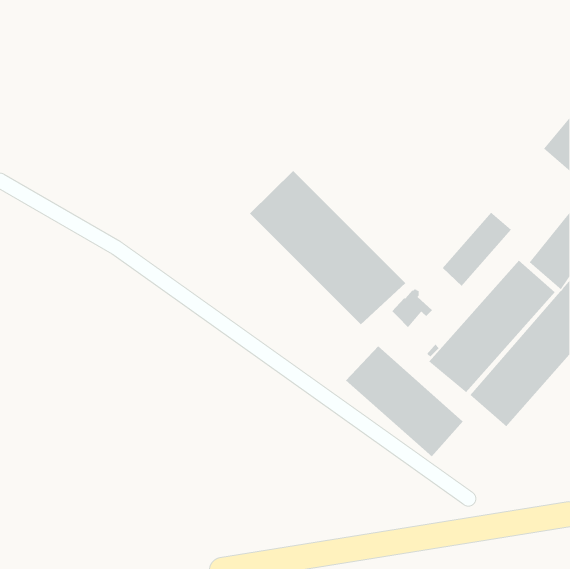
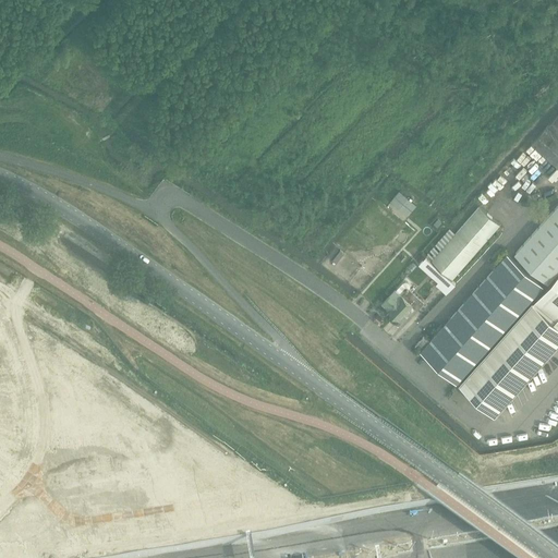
building: [249,170,406,325] -> none
building: [345,346,464,457] -> none

